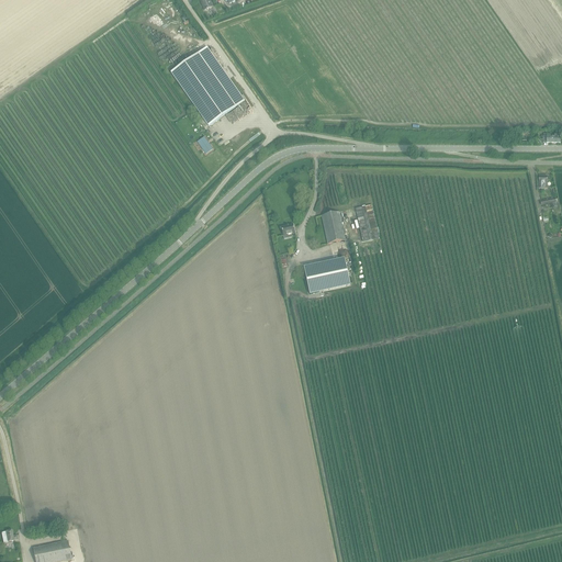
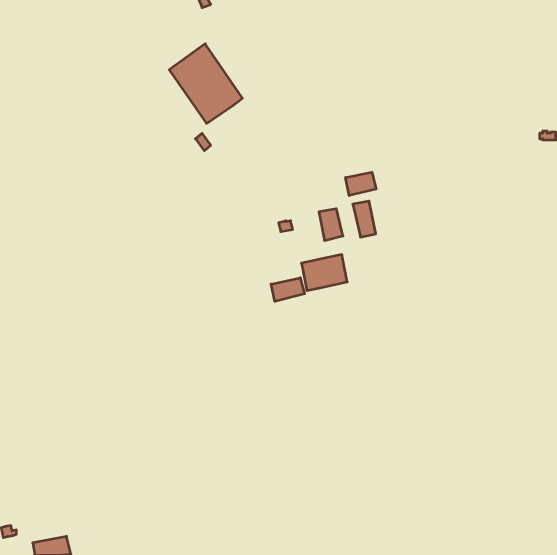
building: none -> [346,172,376,196]
building: none -> [271,278,305,301]

